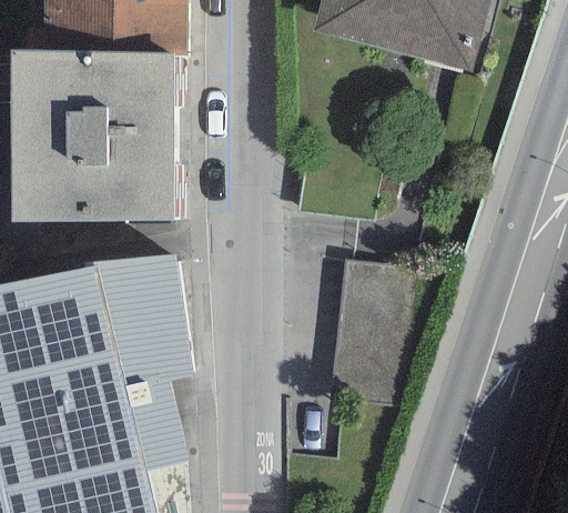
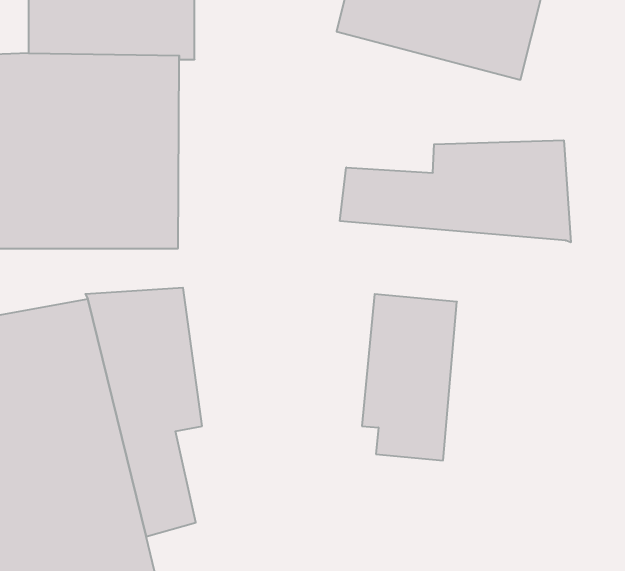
building: none -> [340,140,571,242]

